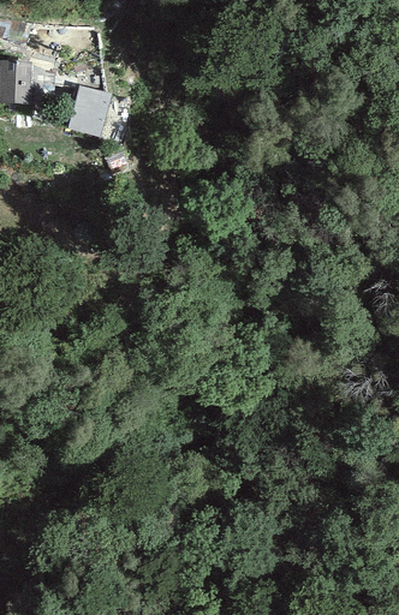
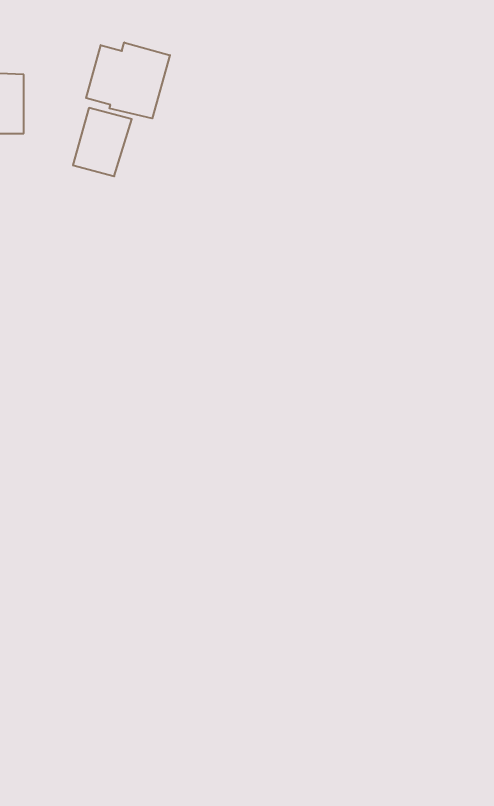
building: none -> [86,42,170,118]

